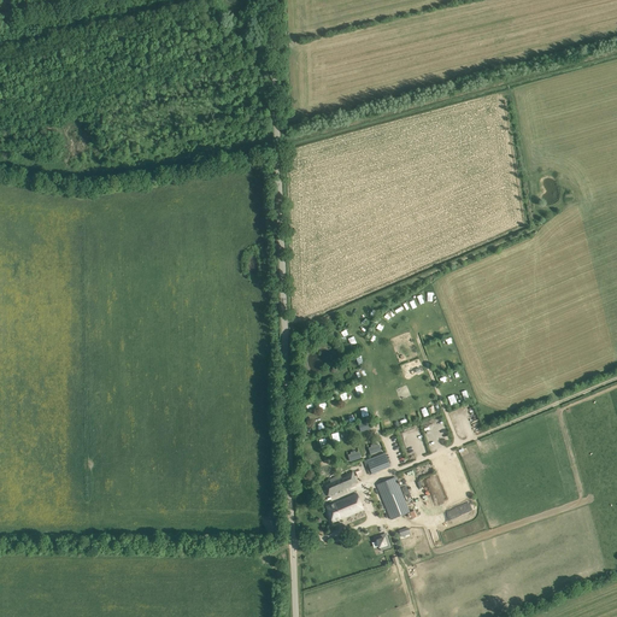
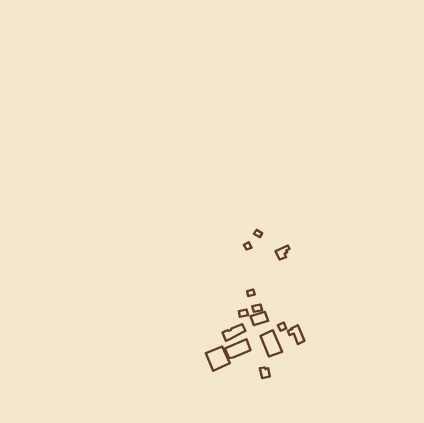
building: none -> [206,347,230,371]

